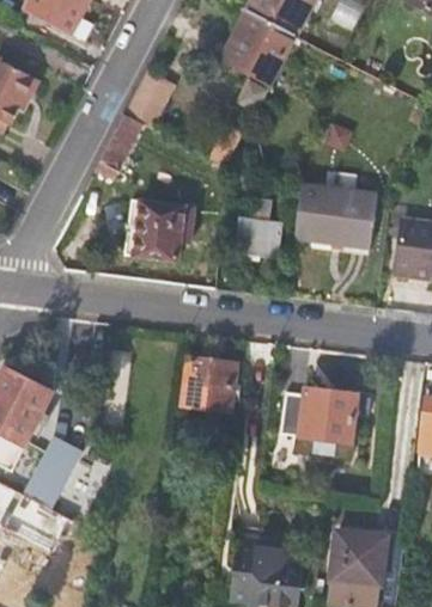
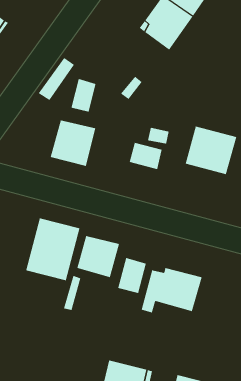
building: none -> [71,78,96,112]
building: none -> [25,218,80,281]
building: none -> [117,257,147,294]

